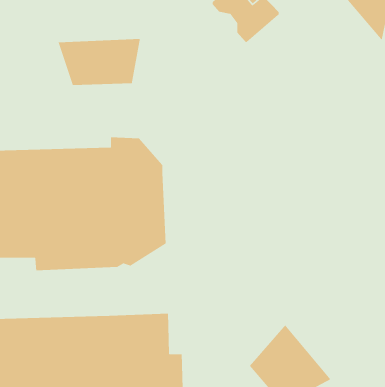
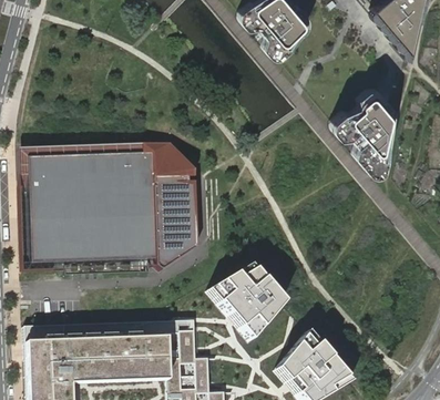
building: [57,38,141,86] -> none
building: none -> [334,91,388,168]
building: none -> [206,264,291,346]

